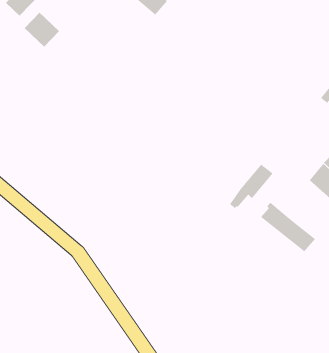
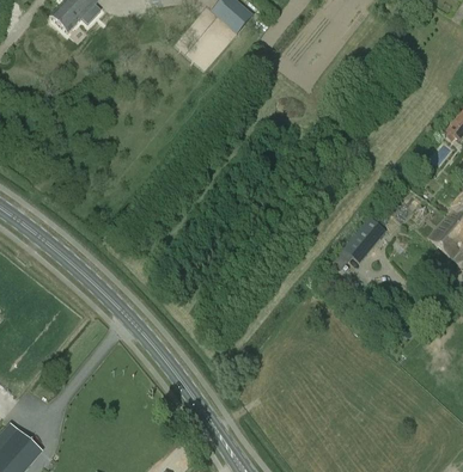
building: [24,12,60,48] -> none
building: [260,202,316,252] -> none

